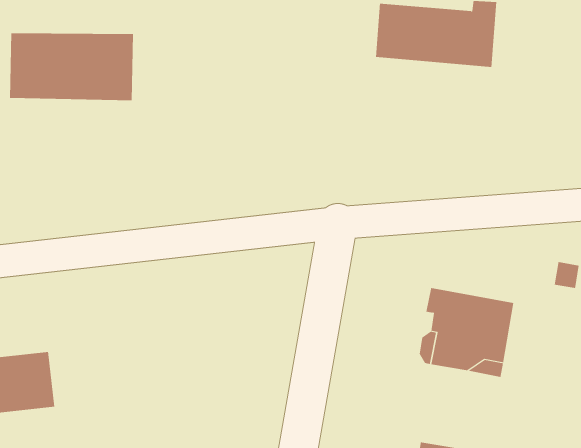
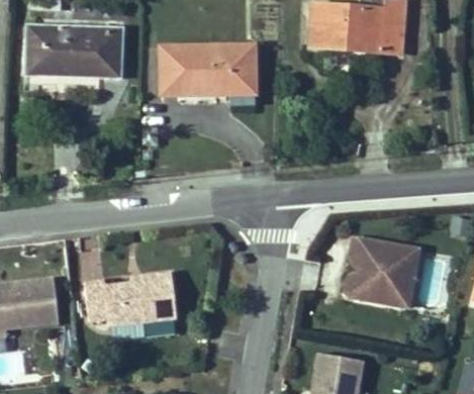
building: none -> [160,45,253,96]
building: none -> [84,274,176,325]

